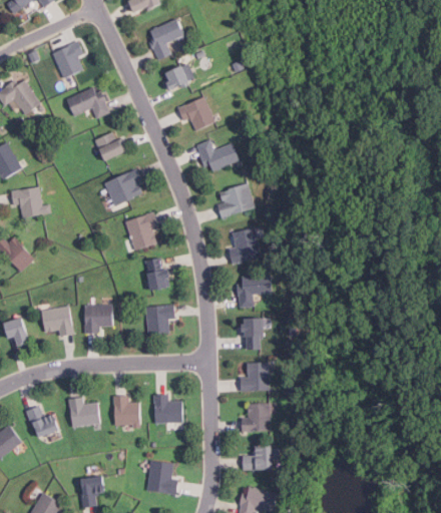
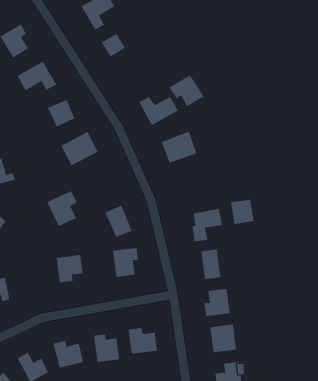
building: [178,96,216,131] -> [169,75,204,107]
building: [126,211,160,249] -> [47,191,78,227]
building: [230,227,261,263] -> none
building: none -> [230,199,254,225]
building: [42,306,73,336] -> none

